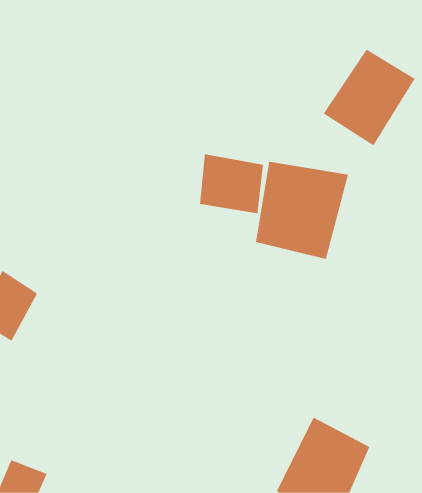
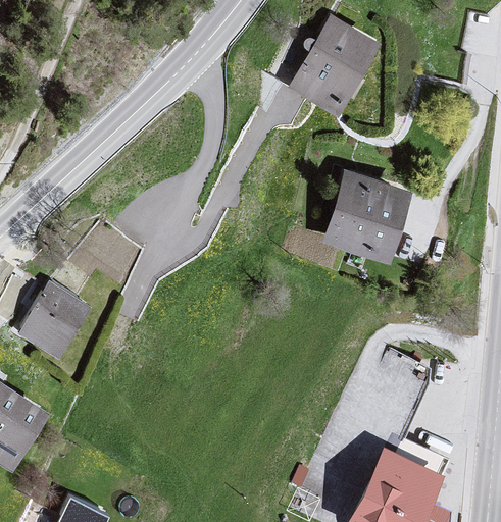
building: [323,49,415,146] -> [288,16,386,119]
building: [200,154,263,214] -> none

